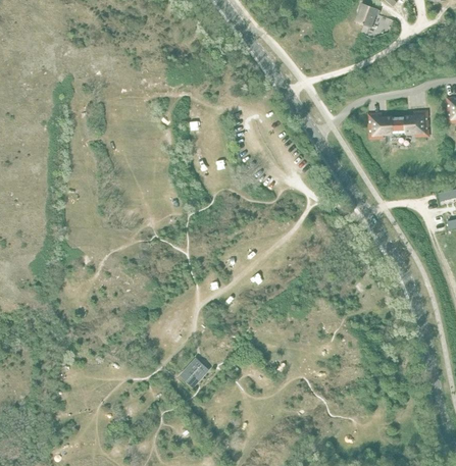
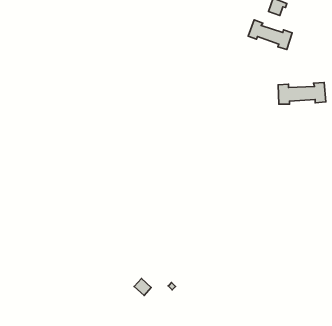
building: none -> [248,20,292,49]

